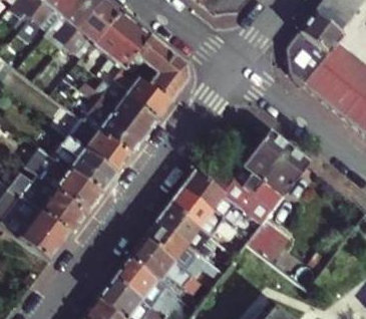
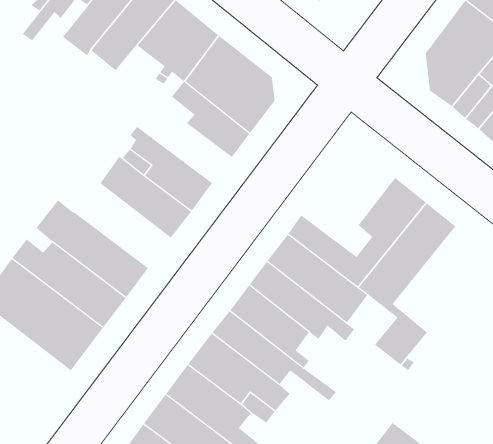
building: [95,89,159,135] -> none
building: [54,135,118,193] -> none

